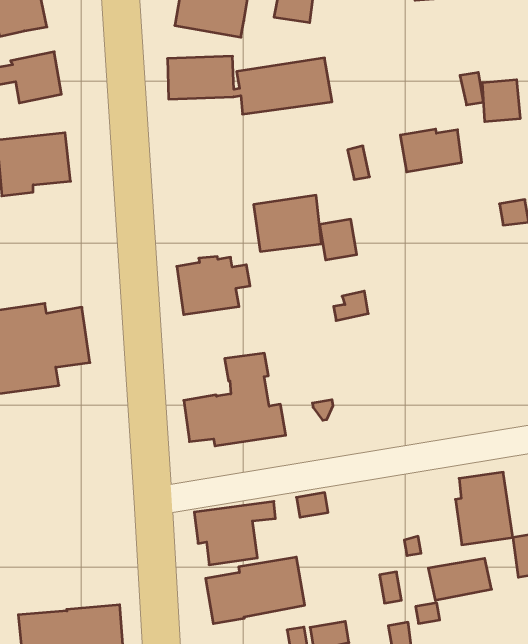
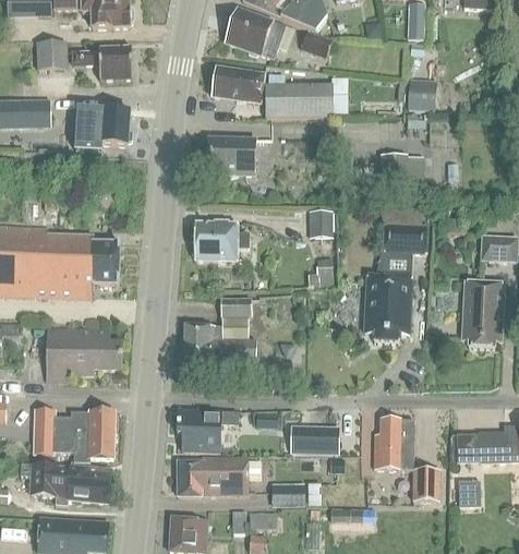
building: [482,80,520,122] -> [406,79,435,110]
building: [254,195,321,251] -> [206,137,255,176]
building: none -> [363,224,426,342]
building: none -> [45,326,121,381]
building: none -> [33,409,113,462]
building: [428,558,492,600] -> [292,426,337,451]
building: none -> [270,482,304,506]

